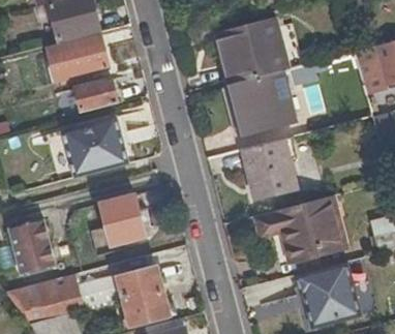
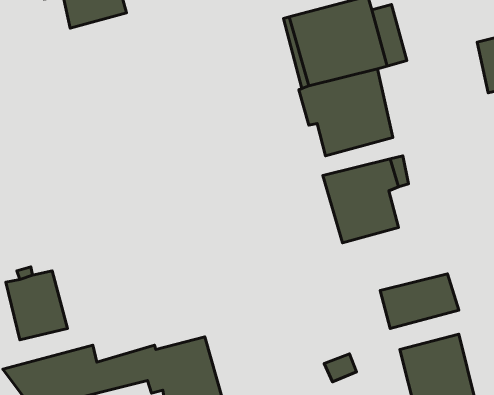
building: [44,35,107,82] -> none
building: [73,79,123,112] -> none
building: [61,116,127,177] -> none
building: [100,194,147,245] -> none
building: [253,195,339,235] -> none

